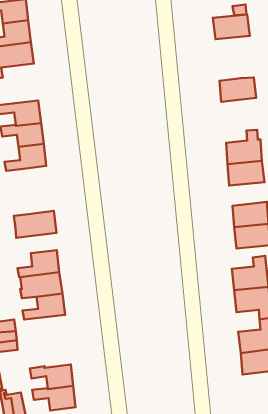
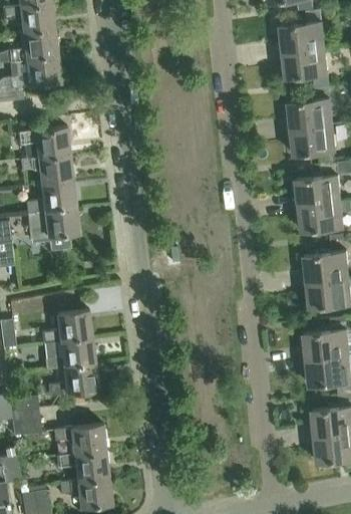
building: none -> [284,47,328,77]
building: none -> [291,123,336,164]
building: [14,211,56,238] -> [27,207,79,240]
building: none -> [53,423,106,455]

